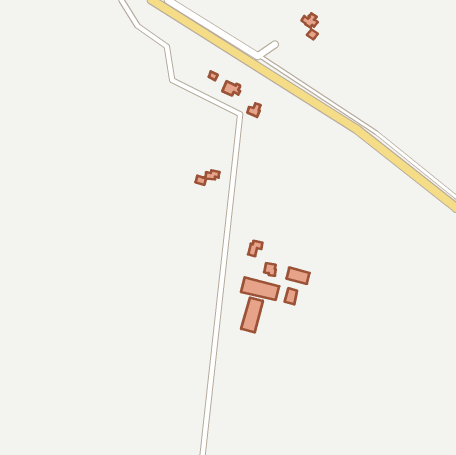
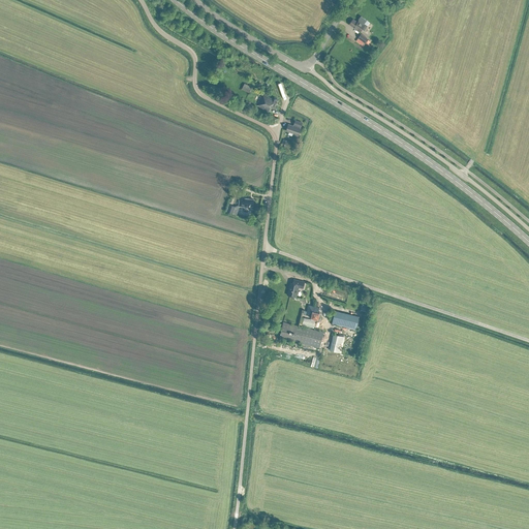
building: [241,298,263,332] -> none

